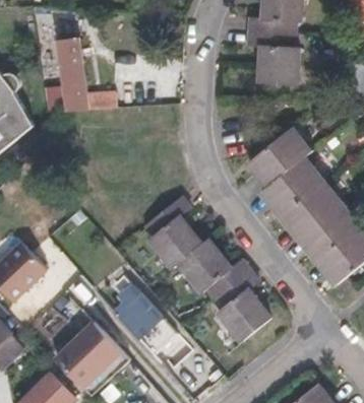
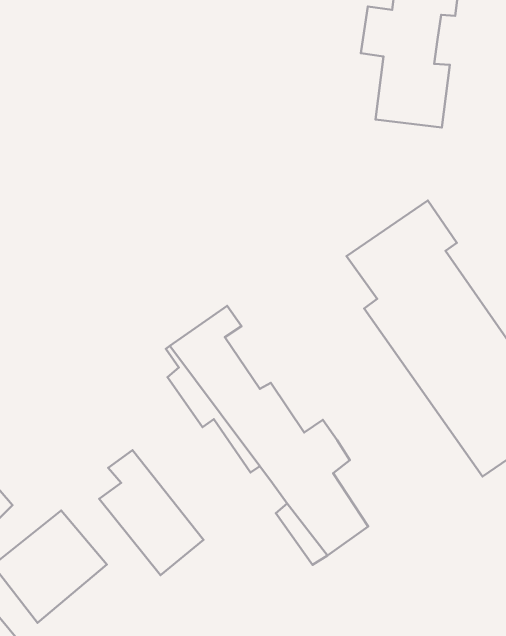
building: [58,39,115,111] -> none

